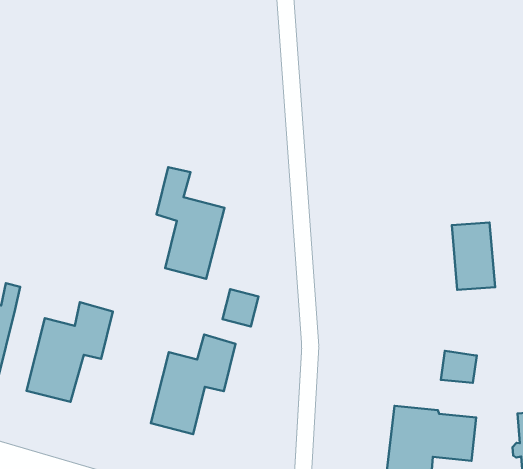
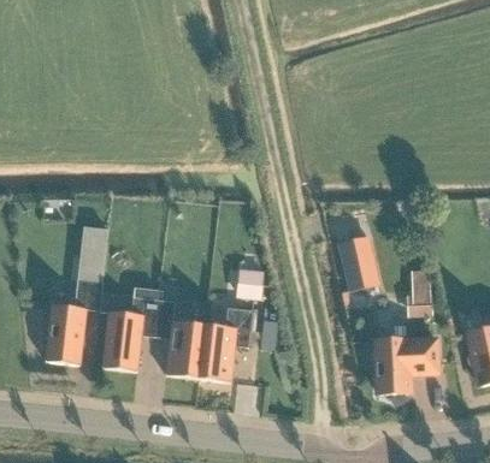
building: [157,167,224,279] -> [154,299,203,378]
building: none -> [77,226,107,281]
building: [452,223,495,290] -> [340,237,378,290]

